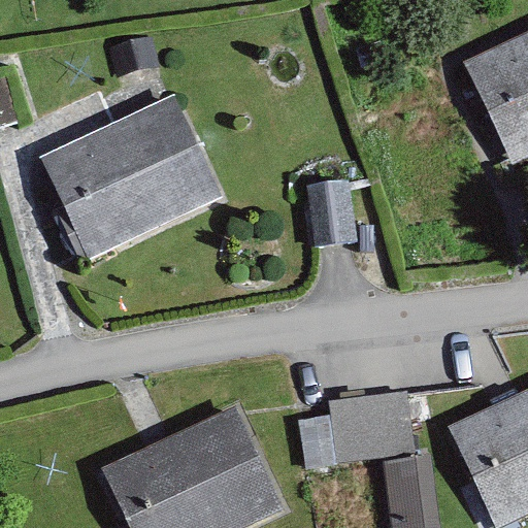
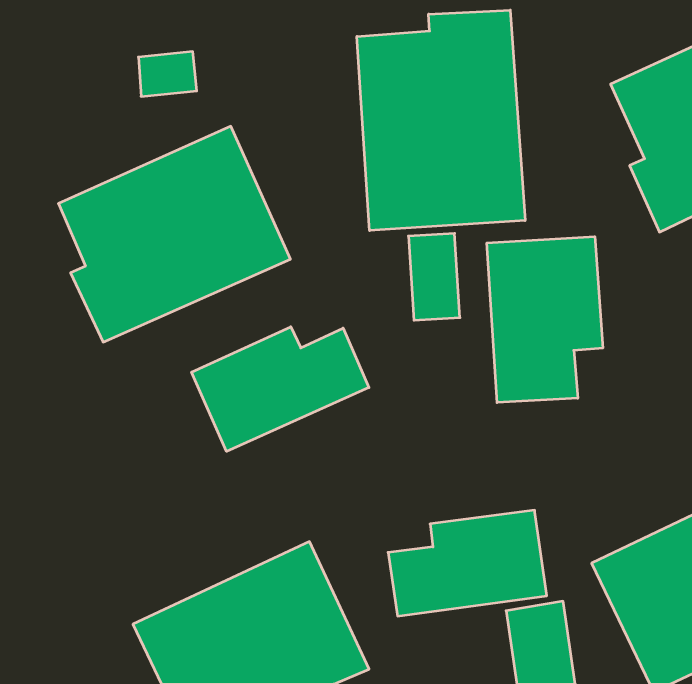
building: none -> [357,10,525,231]
building: none -> [487,237,603,403]
building: none -> [192,327,369,451]

